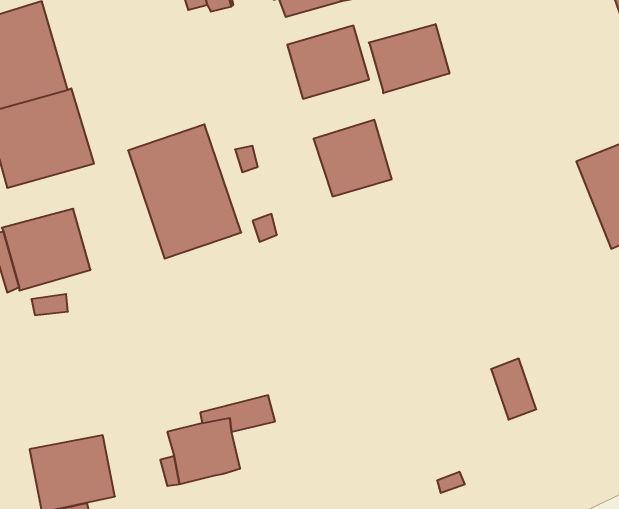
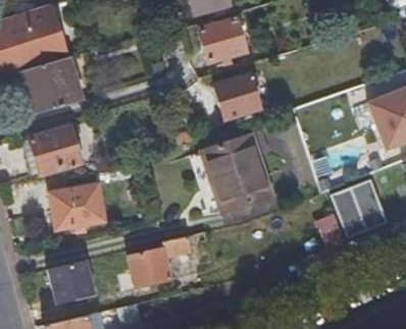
building: [369,24,449,93] -> none
building: [128,124,241,259] -> [193,140,259,218]
building: none -> [333,182,386,237]
building: none -> [52,184,106,230]

